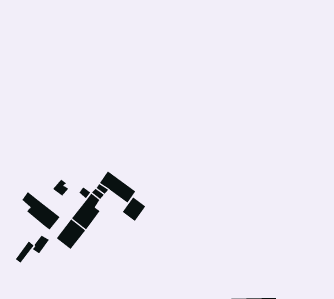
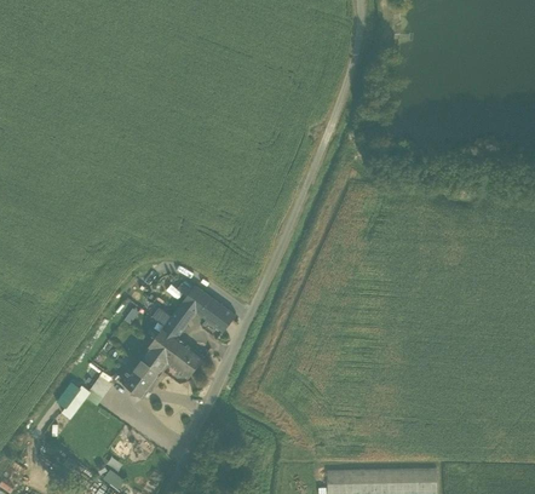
building: [21,191,60,231] -> none
building: [122,196,146,222] -> [167,343,202,379]

